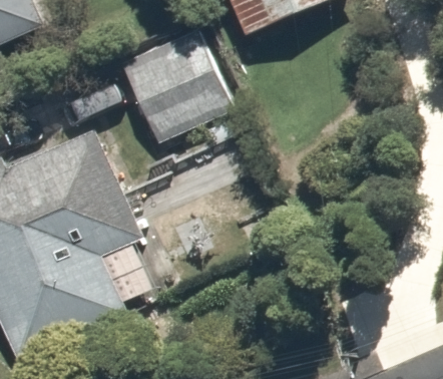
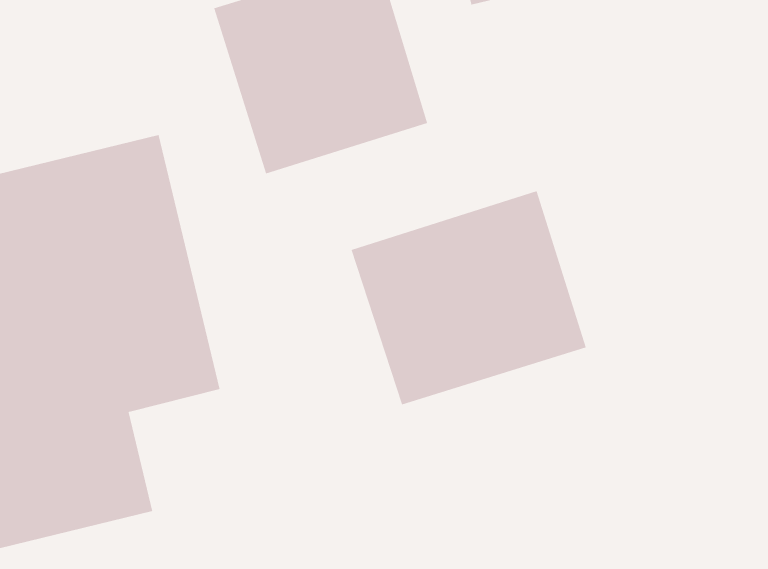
building: none -> [351,190,587,406]

